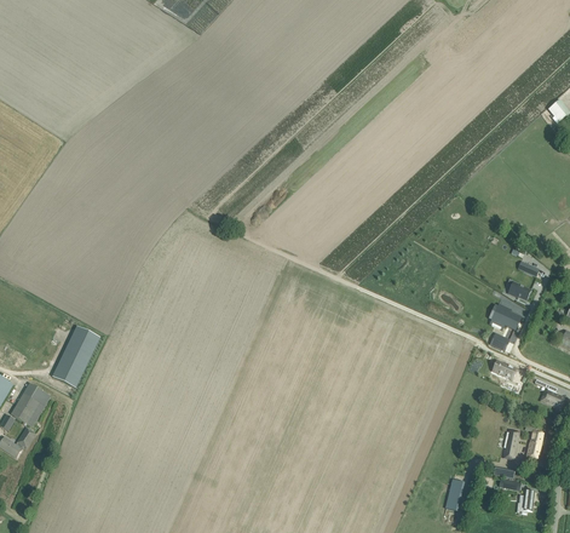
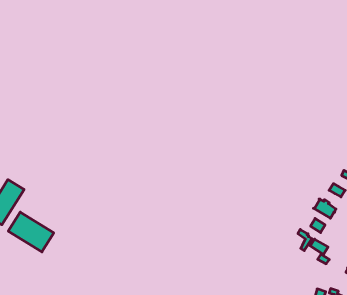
building: none -> [8,212,54,252]

